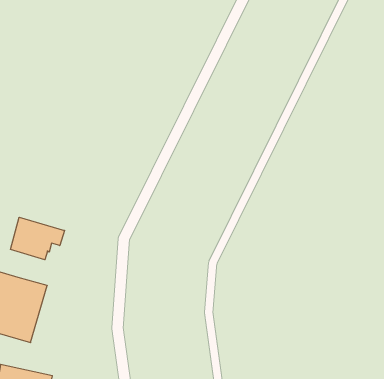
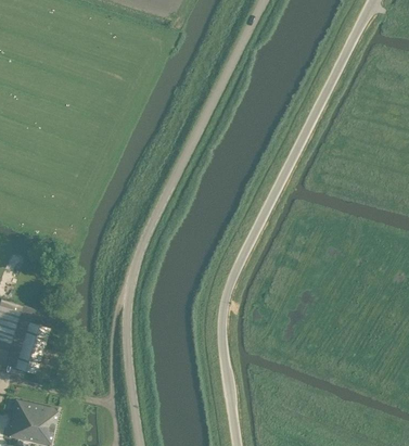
building: [11,217,65,260] -> none

